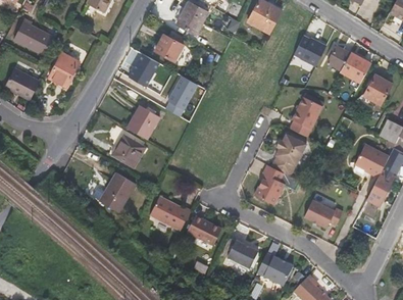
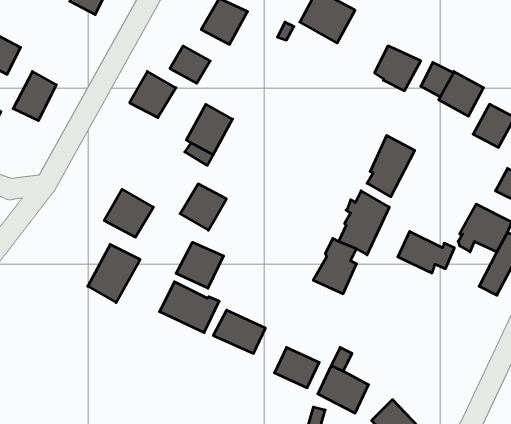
building: [127,106,158,138] -> [180,184,226,230]
building: none -> [176,242,224,288]
building: [303,200,342,229] -> [398,231,454,273]

